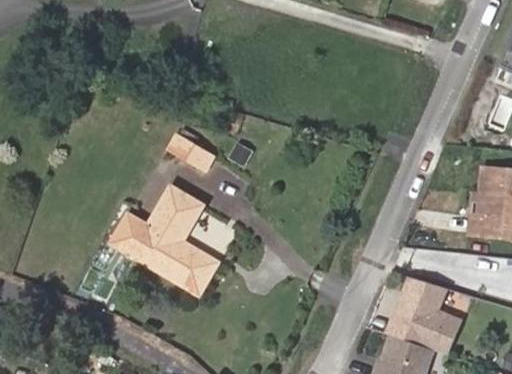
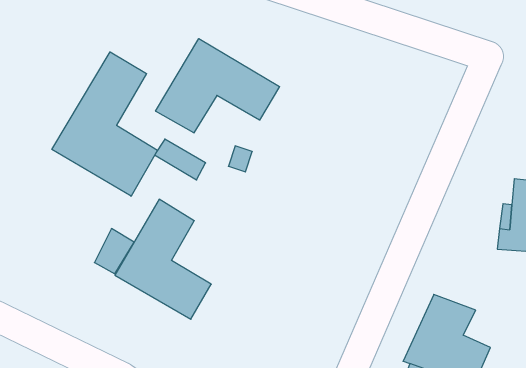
building: none -> [156,39,280,133]
building: none -> [52,52,157,196]

